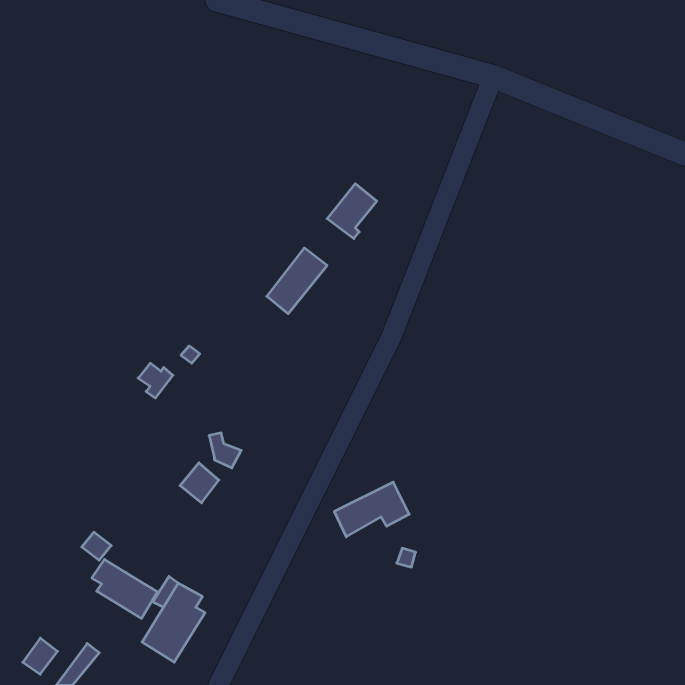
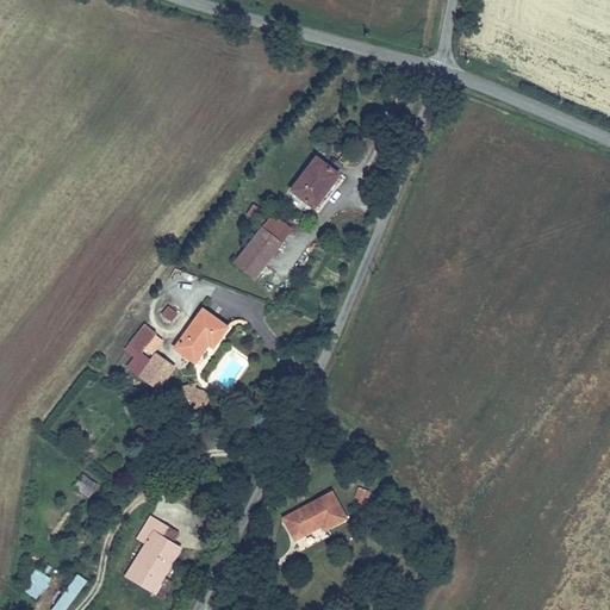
building: none -> [174,313,228,363]
building: [180,463,219,503] -> [139,355,174,391]
building: [334,482,409,537] -> [281,488,348,537]
building: [92,559,158,618] -> none

